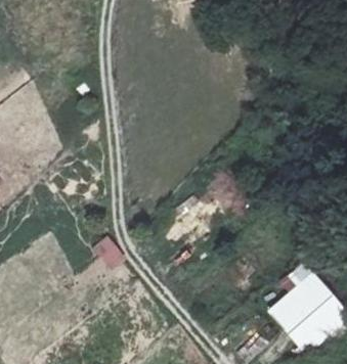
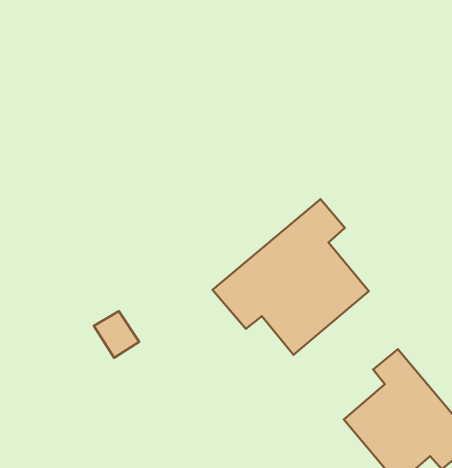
building: none -> [212,199,369,355]

